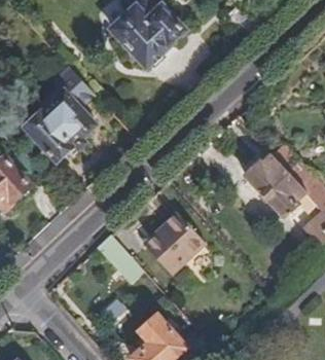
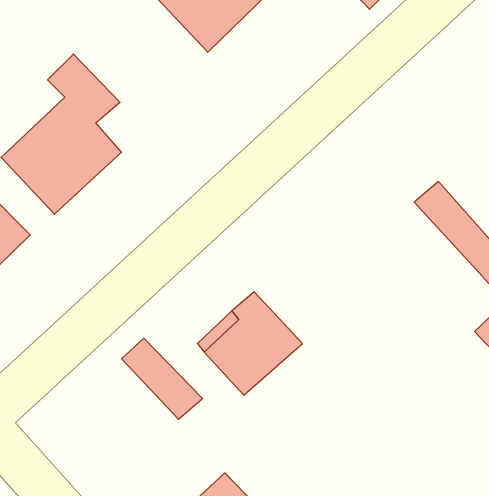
building: [244,154,306,219] -> none

